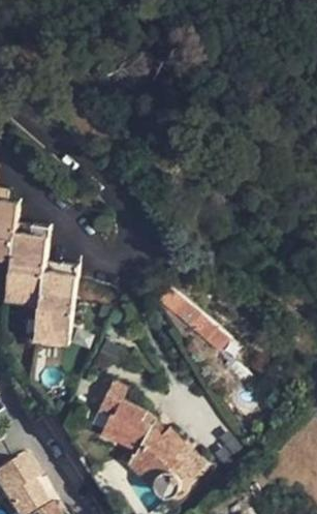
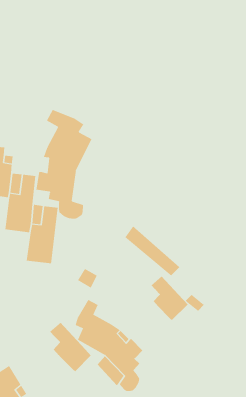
building: none -> [36,109,92,220]
building: none -> [151,276,188,321]
building: none -> [49,322,92,372]

